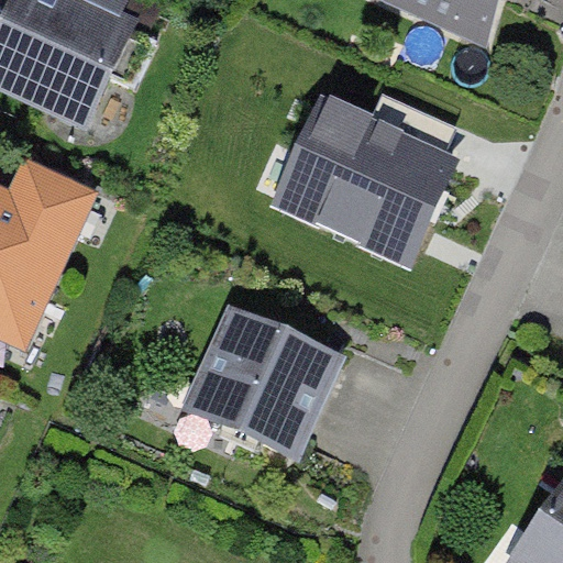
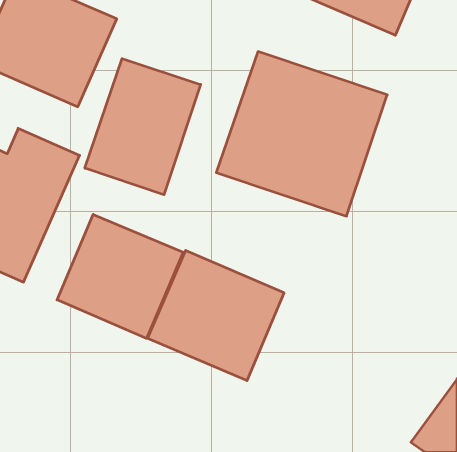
building: none -> [85,59,201,195]
building: none -> [57,214,183,338]

